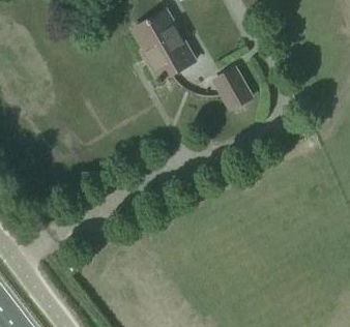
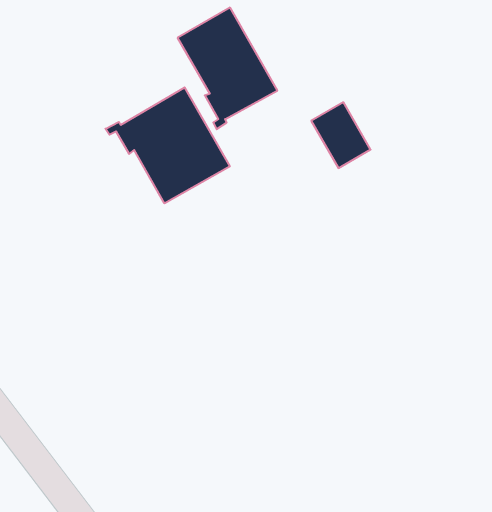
building: none -> [105,87,230,203]

